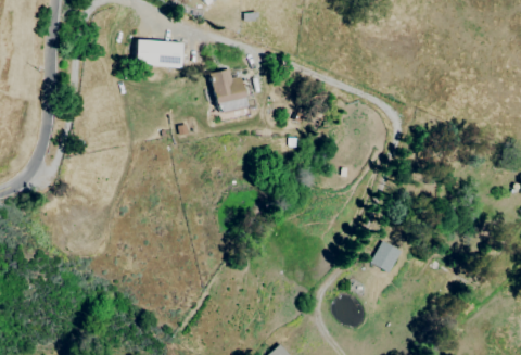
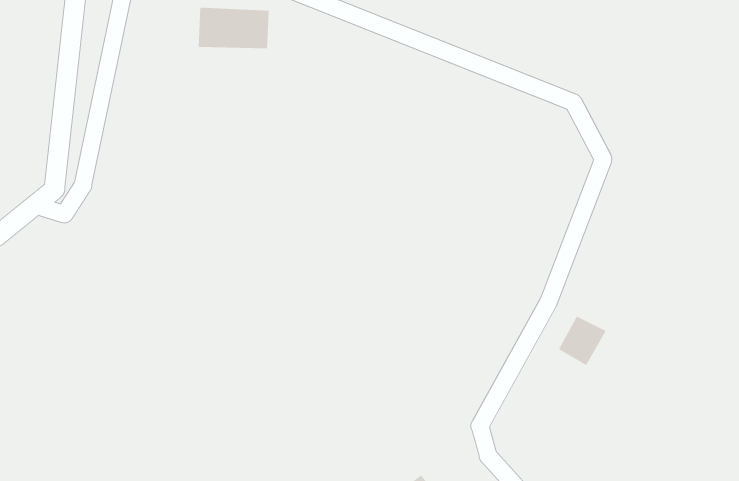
building: [211,66,249,113] -> none

